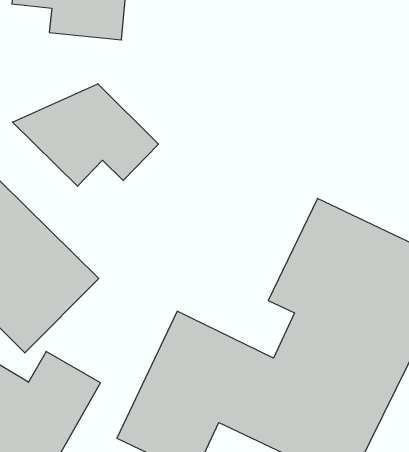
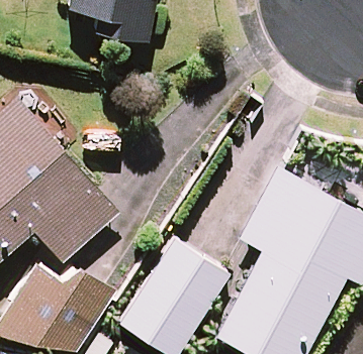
building: [12,84,159,186] -> none

